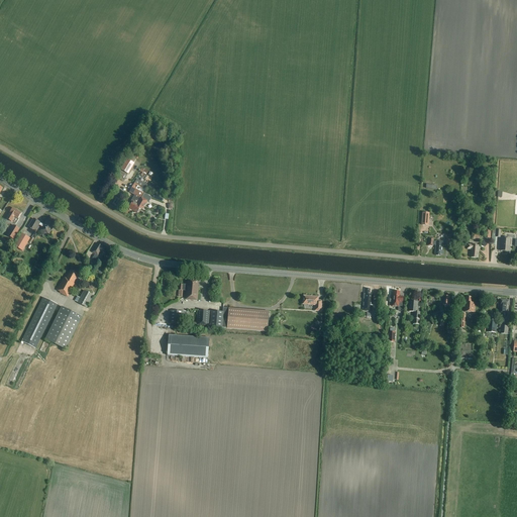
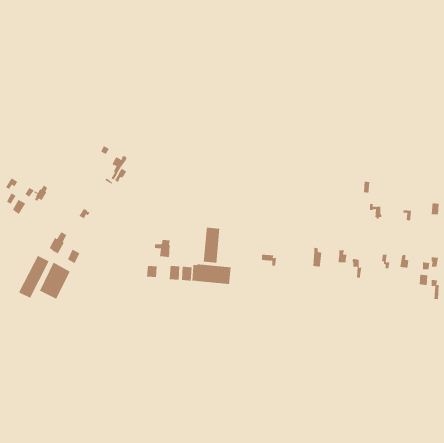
building: none -> [203,227,220,264]
building: [168,333,210,356] -> none

